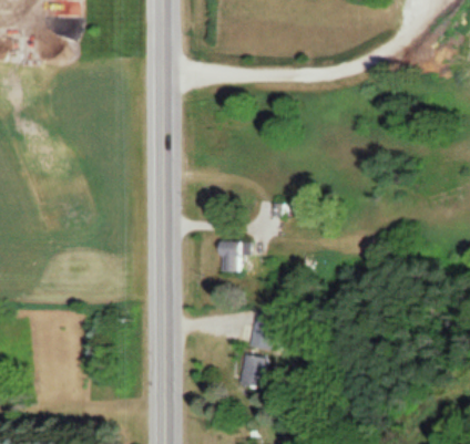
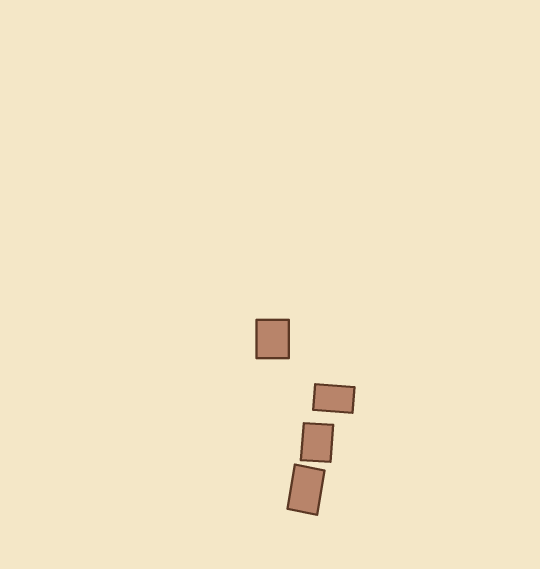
building: none -> [313,384,355,413]

